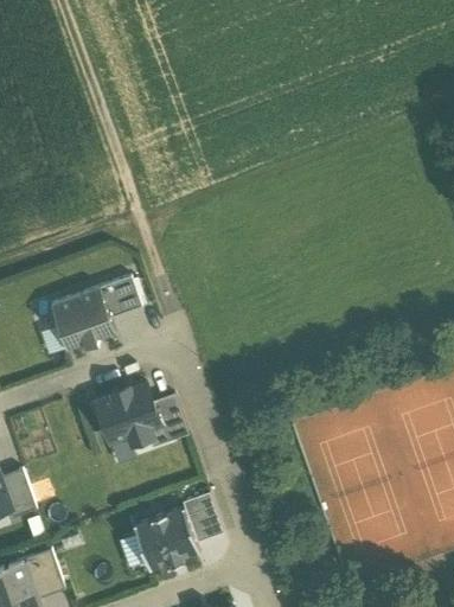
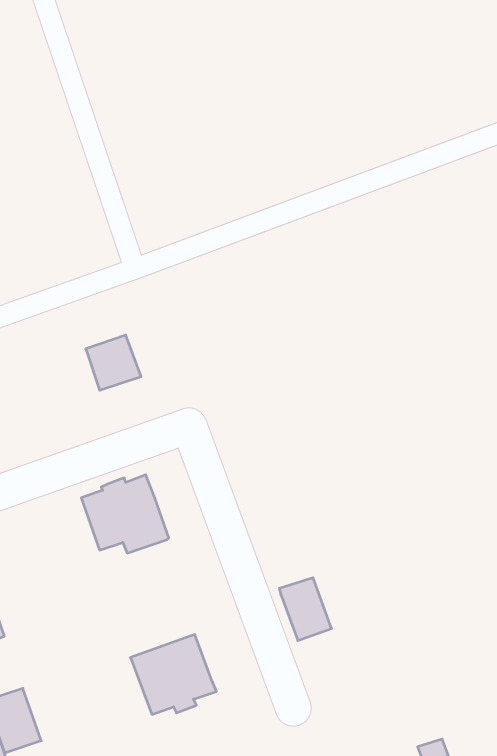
building: [50,288,114,351] -> none
building: [152,396,186,443] -> none
building: [181,496,222,544] -> [279,578,332,641]

